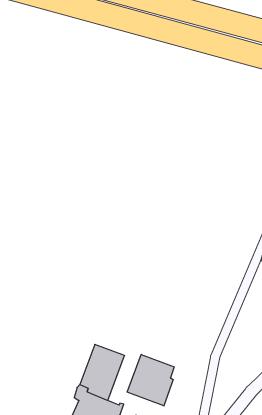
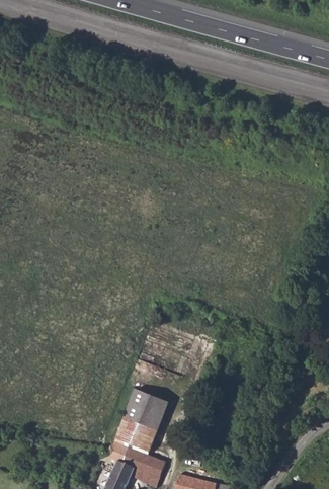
building: [127,354,174,406] -> none

